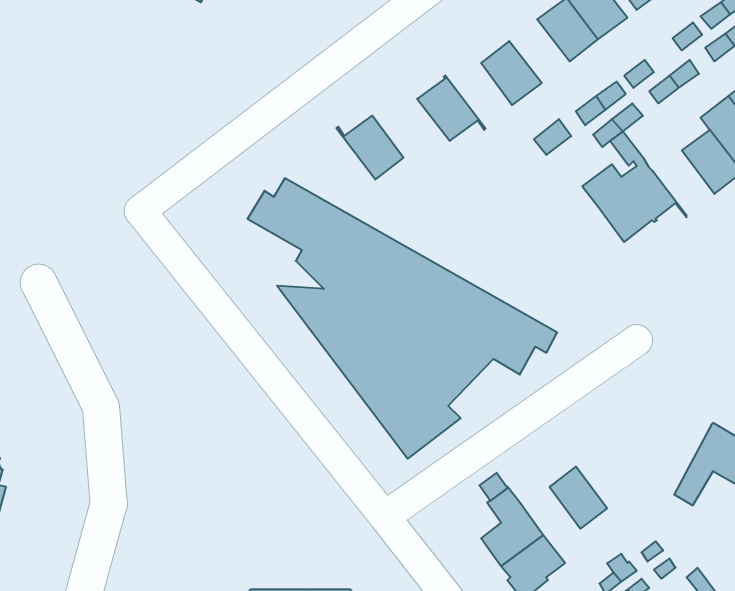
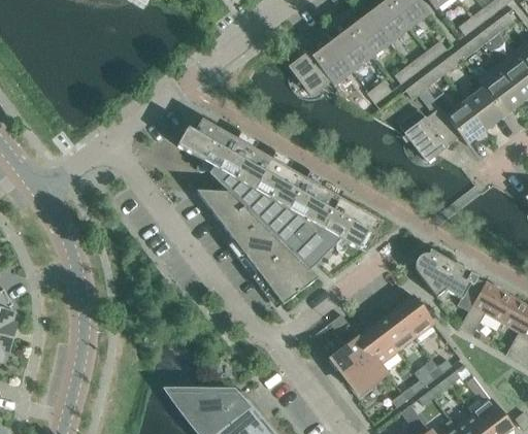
building: none -> [350,14,390,57]
building: [336,116,403,180] -> [307,43,352,86]
building: none -> [444,101,486,145]
building: none -> [415,249,484,311]
building: none -> [394,294,433,338]
building: none -> [357,324,397,374]

